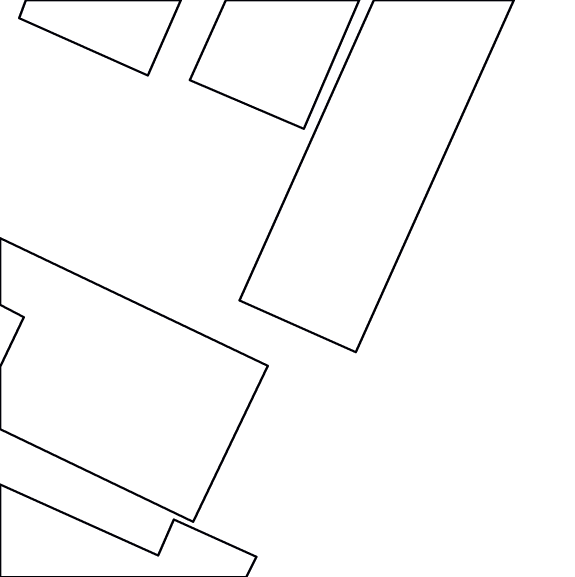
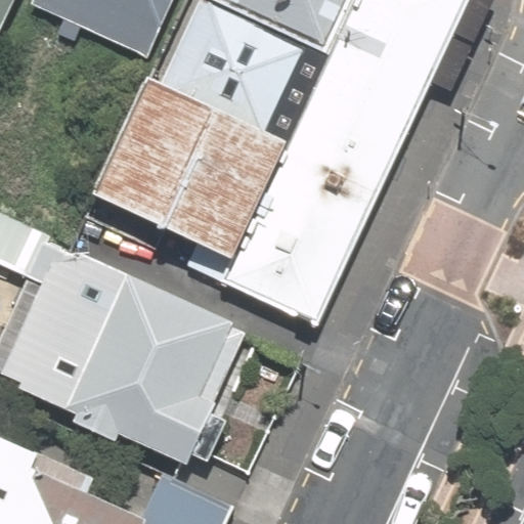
building: none -> [90,58,277,237]

